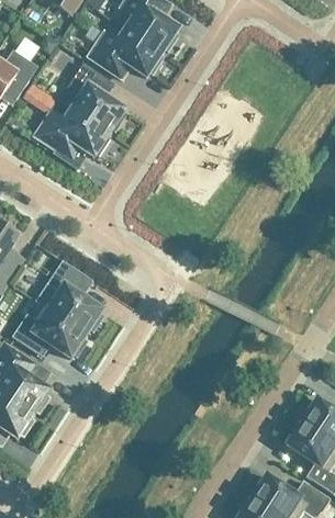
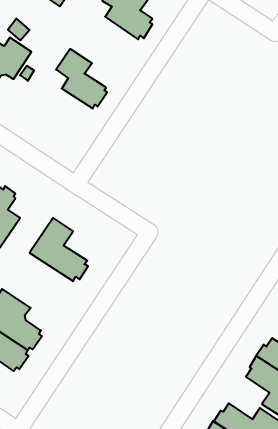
building: [89,25,164,79] -> none
building: [35,109,110,159] -> none
building: [12,305,88,357] -> none

